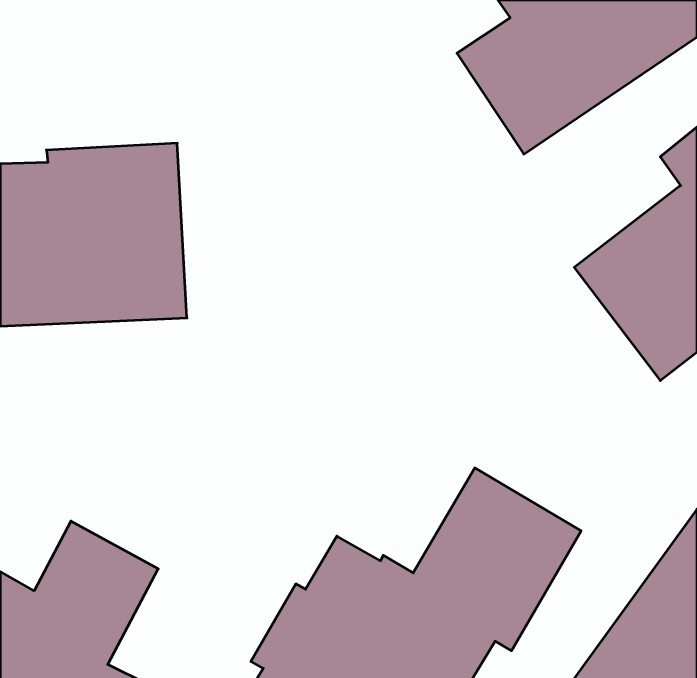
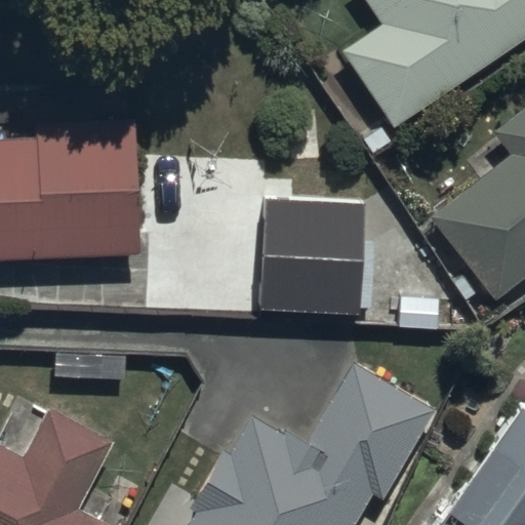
building: none -> [257,193,362,308]

